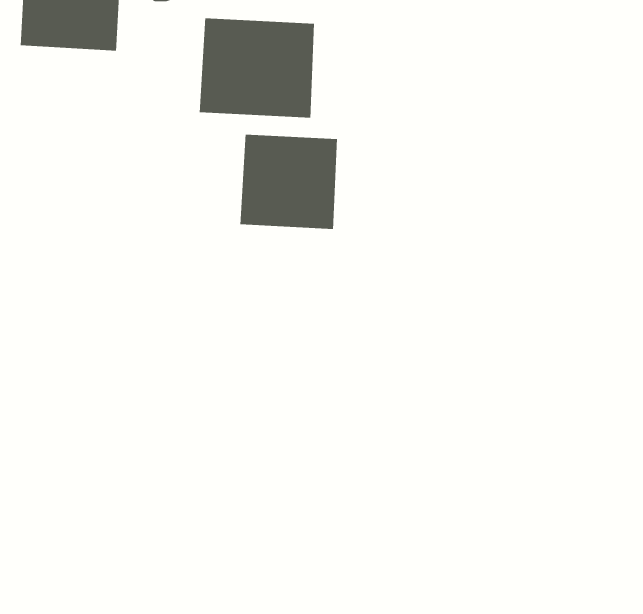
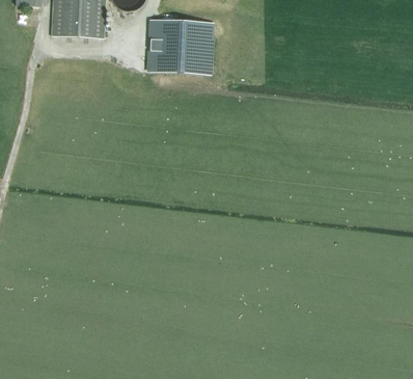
building: [239,134,338,230] -> none

